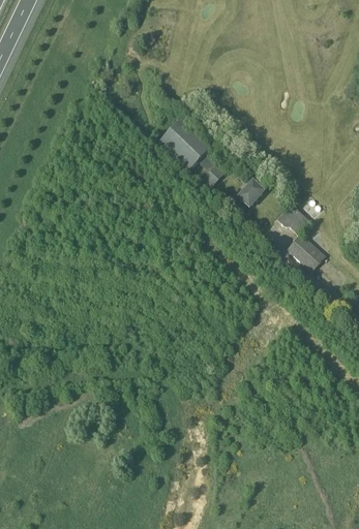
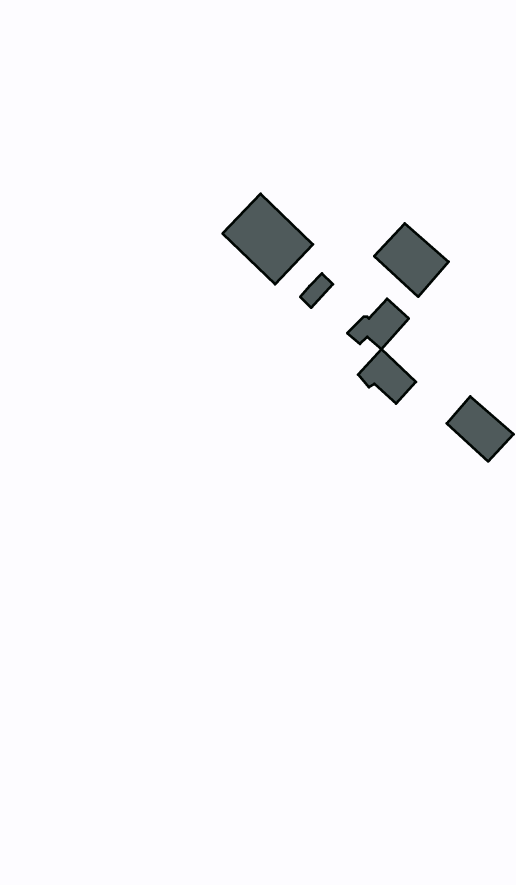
building: none -> [374,223,449,297]
building: [275,205,308,236] -> [358,349,416,404]

